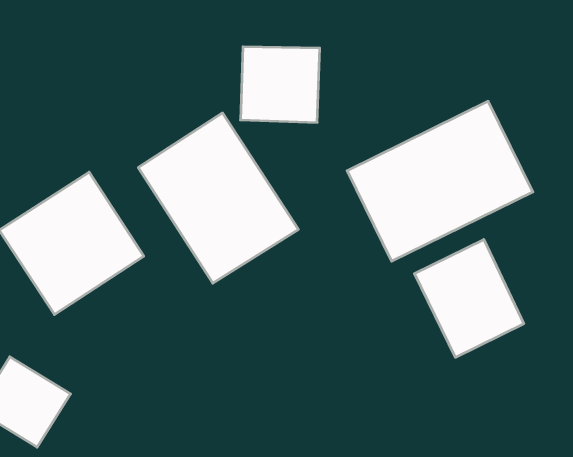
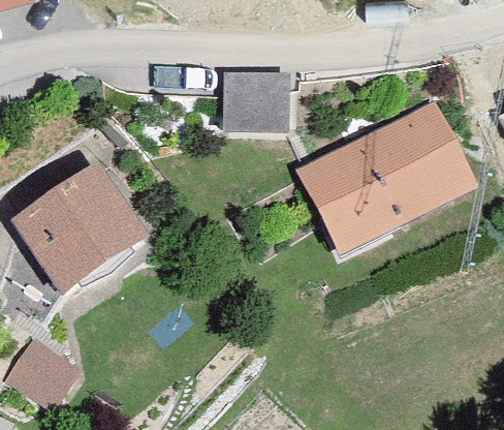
building: [138,113,298,283] -> none
building: [414,239,524,357] -> none

